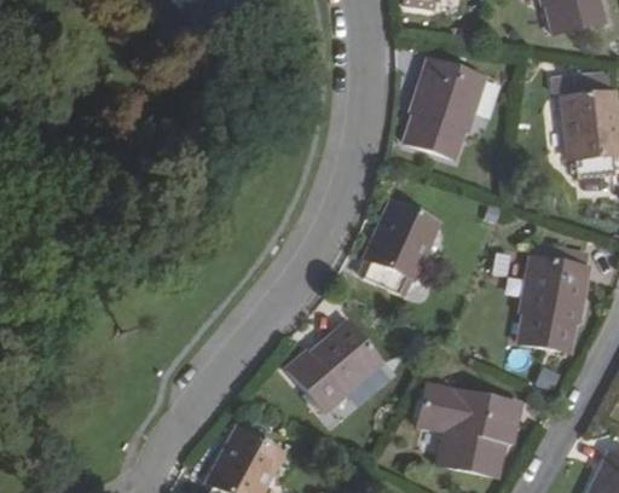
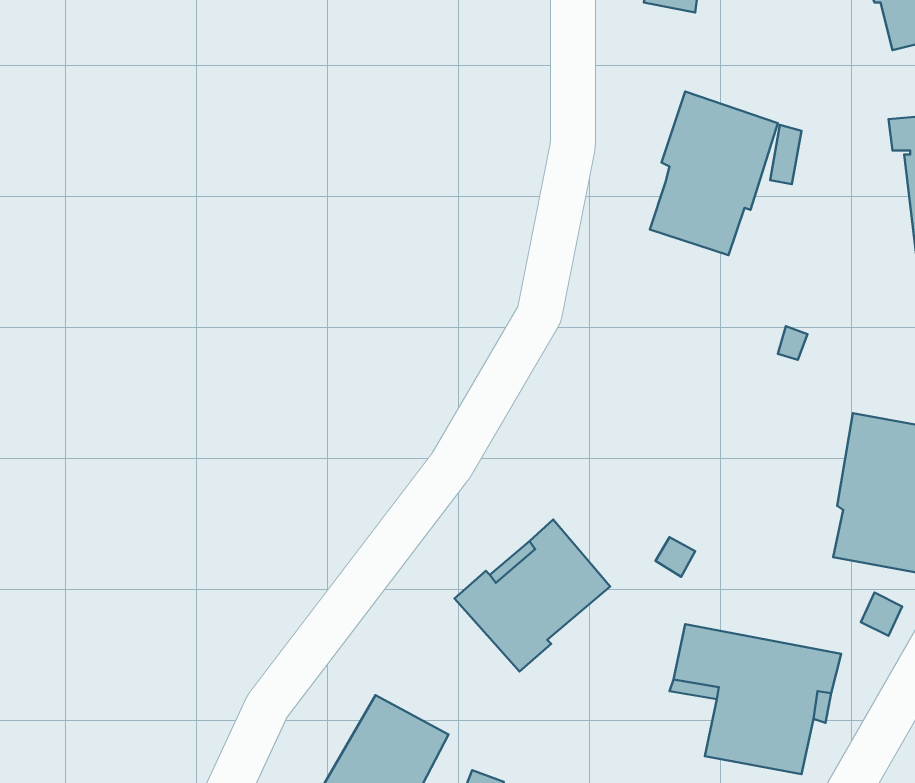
building: [363,201,439,294] -> none

